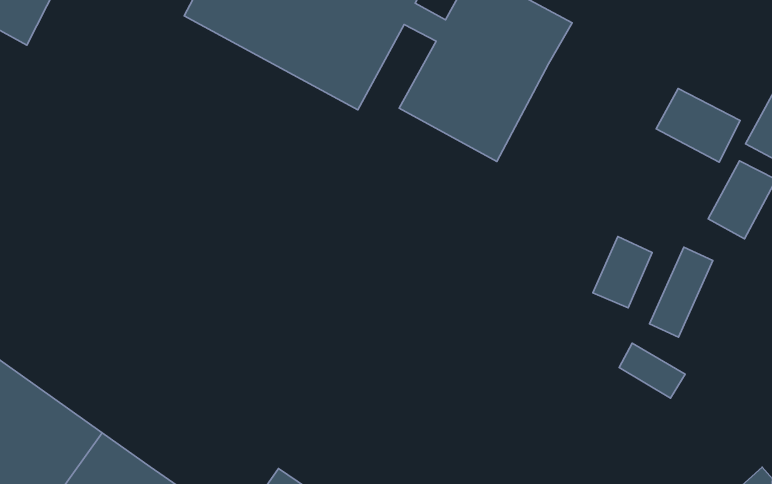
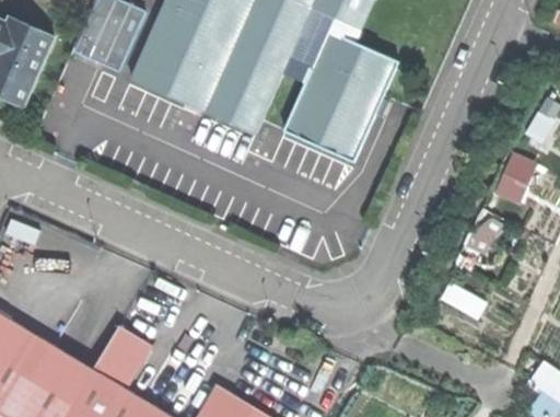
building: [656,89,740,162] -> none
building: [593,237,652,308] -> none
building: none -> [93,326,155,391]

